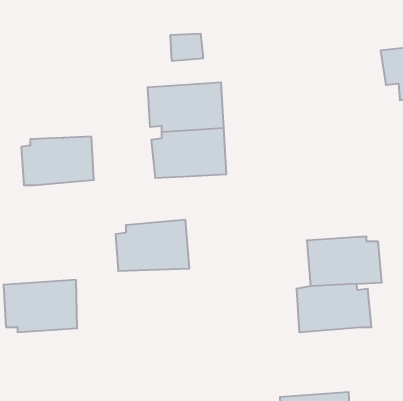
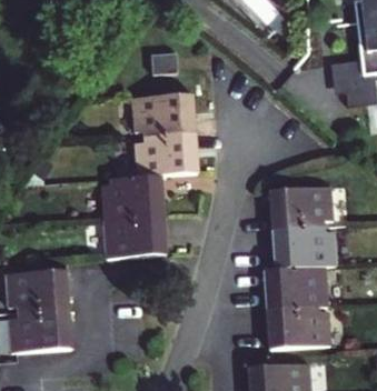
building: [21,137,94,185] -> [101,177,165,219]
building: none -> [267,188,331,232]
building: none -> [264,308,328,351]
building: none -> [9,309,72,351]

